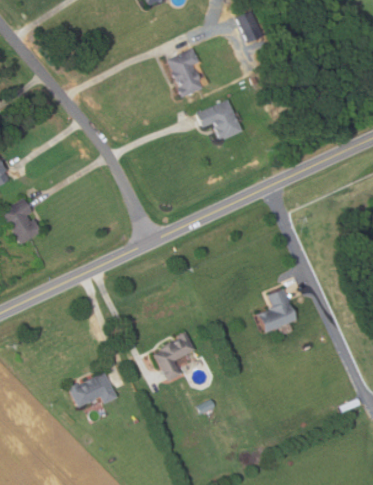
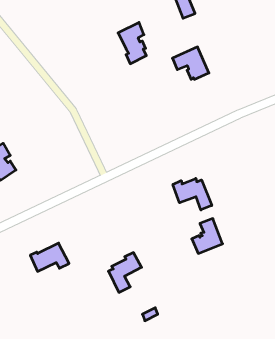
building: [196,100,241,140] -> [172,47,209,79]
building: none -> [173,178,212,210]
building: [70,372,118,407] -> [30,243,69,271]

